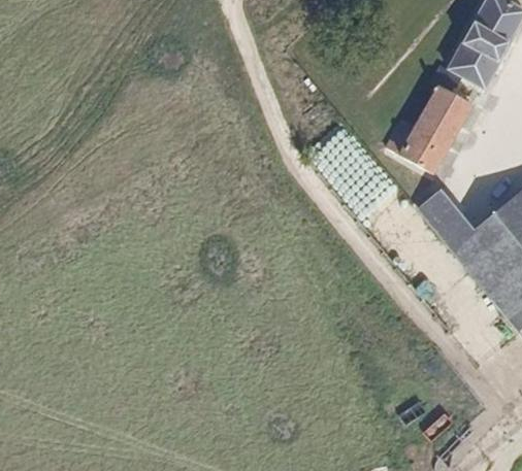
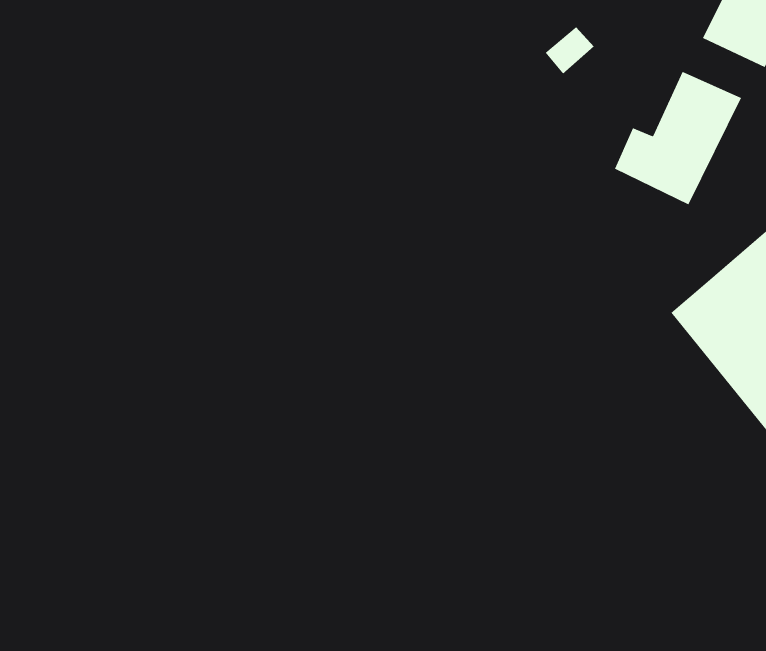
building: [410,179,466,240] -> none

